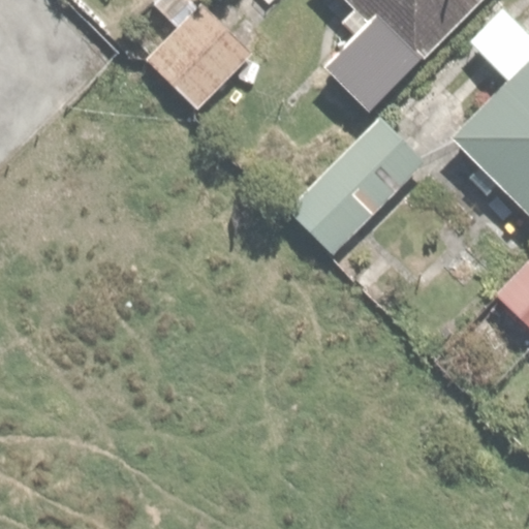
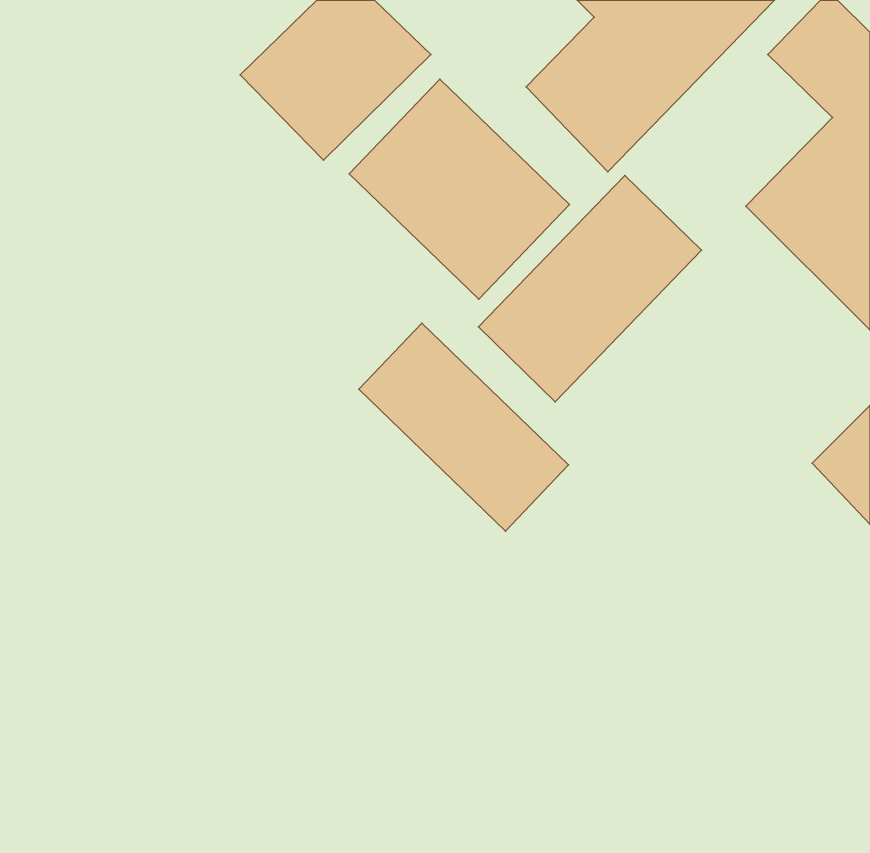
building: none -> [349,79,570,299]
building: none -> [359,323,568,531]

